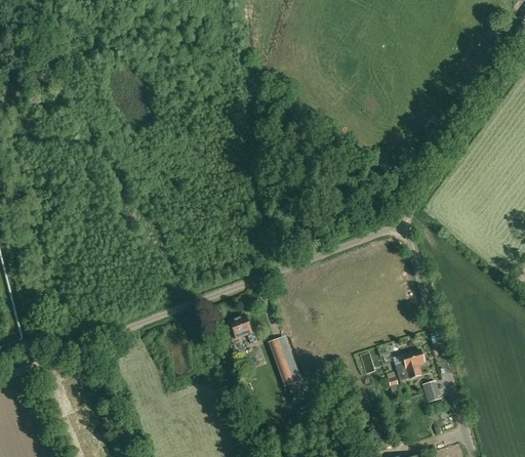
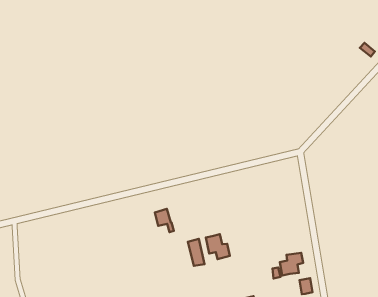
building: none -> [206,234,230,259]

